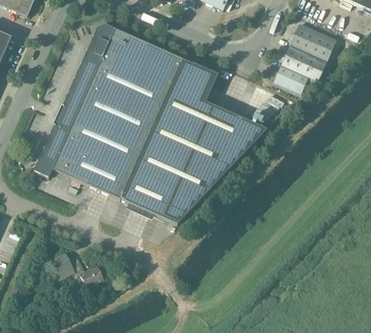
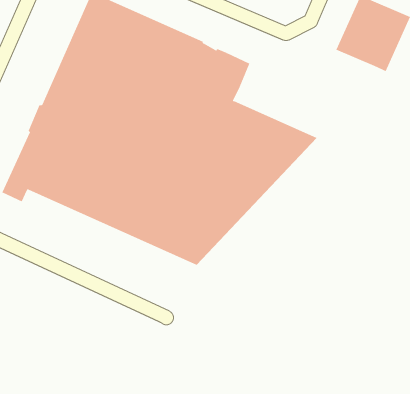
building: [272,63,317,93] -> none
building: [48,249,103,287] -> none

